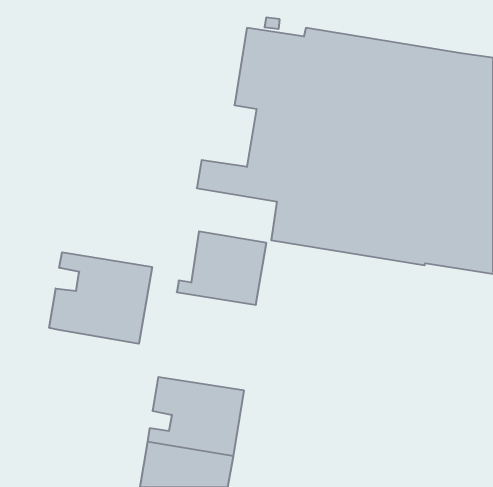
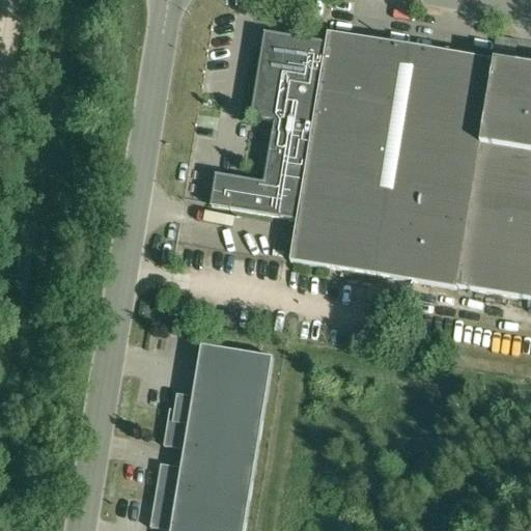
building: [177,231,266,305] -> [177,341,274,420]
building: [49,252,152,344] -> none

